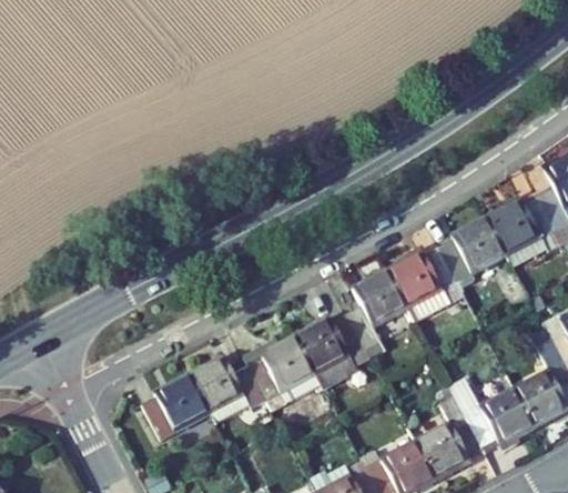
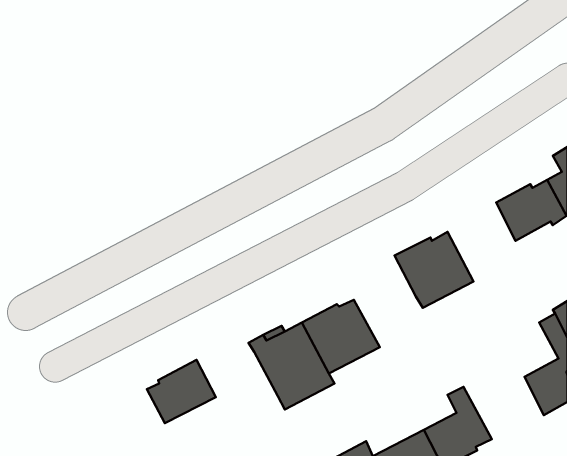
building: [439,217,514,294] -> none
building: [347,269,408,359] -> none
building: [193,354,273,421] -> none
building: [449,379,534,451] -> none

